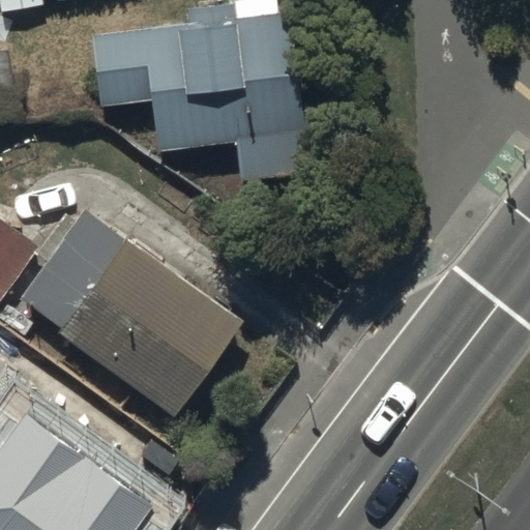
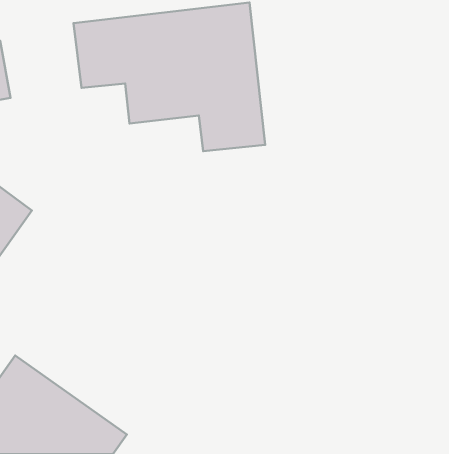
building: [20,211,243,416] -> none

